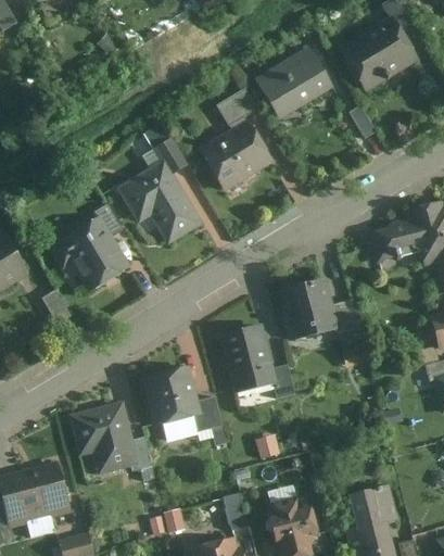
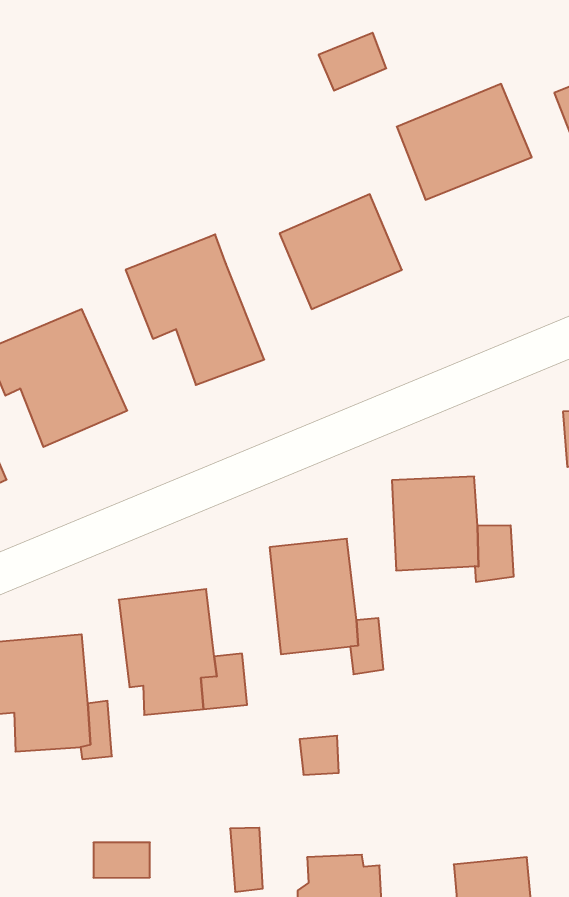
building: [213,93,252,129] -> [319,33,386,91]
building: [149,142,185,179] -> none

